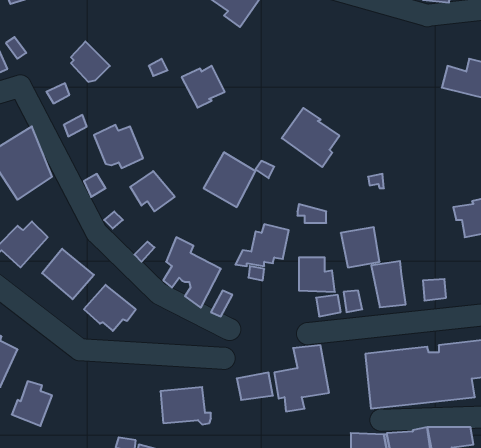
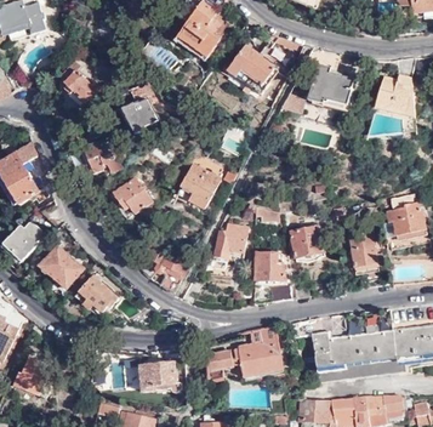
building: none -> [308,64,354,106]
building: [182,66,225,108] -> [121,98,158,133]
building: [282,108,339,167] -> [227,46,275,96]
building: [371,261,406,307] -> [348,228,377,267]

